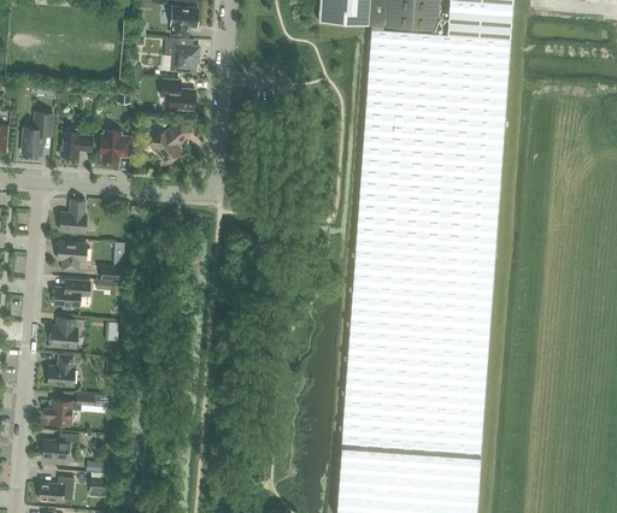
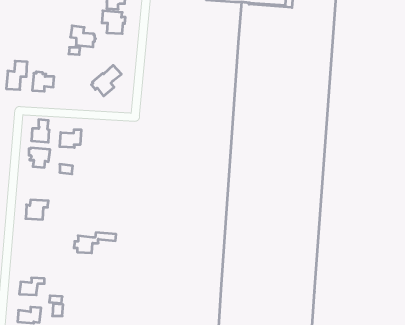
building: [160,78,198,110] -> [70,26,96,47]
building: [99,130,130,163] -> none
building: none -> [60,130,81,148]
building: [53,279,90,308] -> none
building: [47,354,75,385] -> none
building: [45,394,107,424] -> [74,233,116,253]

